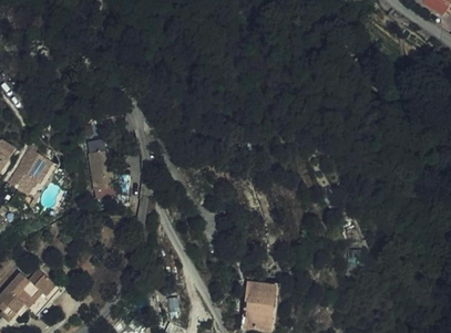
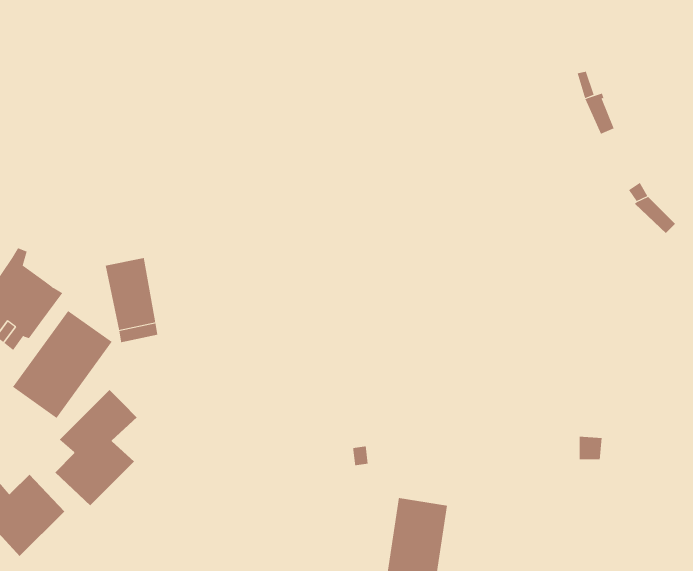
building: none -> [12,310,113,419]
building: none -> [54,389,138,506]

